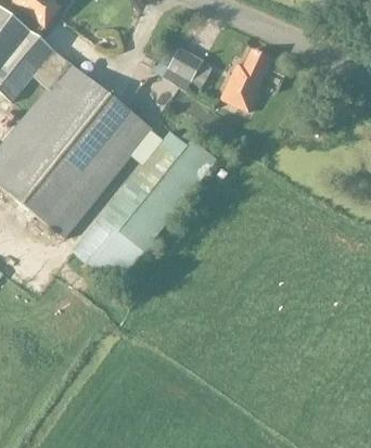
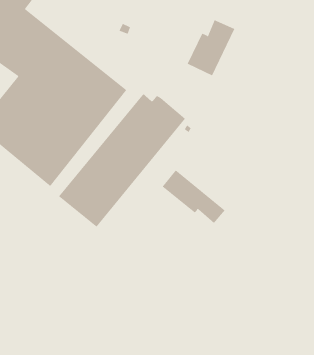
building: [166,48,213,86] -> none
building: none -> [162,170,226,224]

